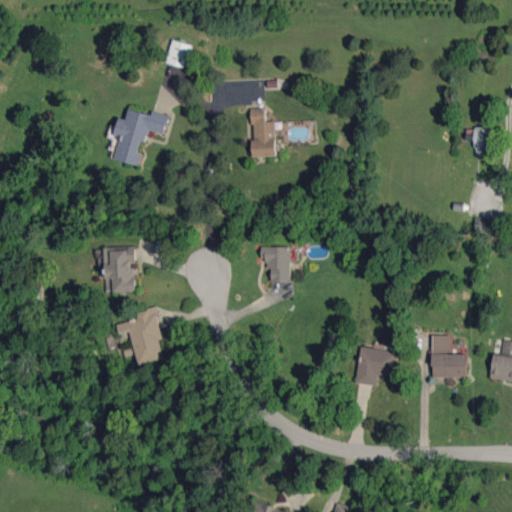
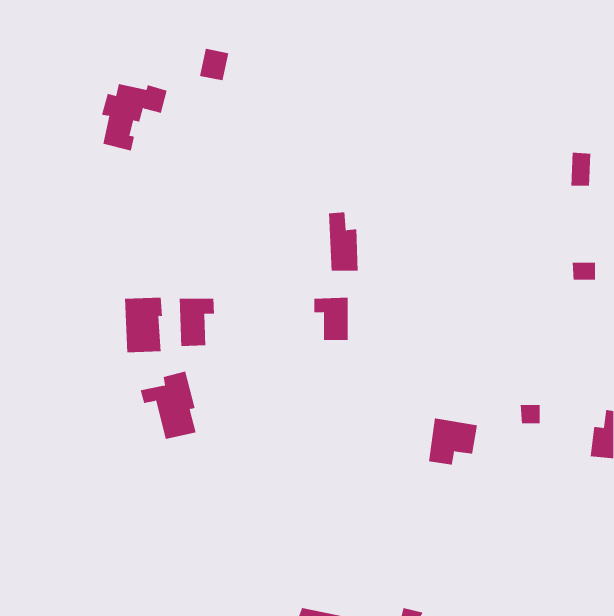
building: [250,108,275,157] -> [328,212,358,271]
building: [113,110,168,166] -> [101,83,168,151]
building: none -> [179,298,214,347]
building: [431,354,465,378] -> none

